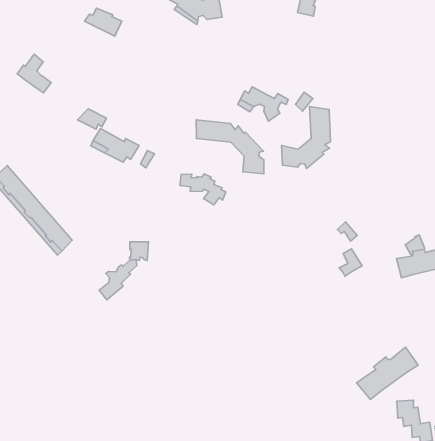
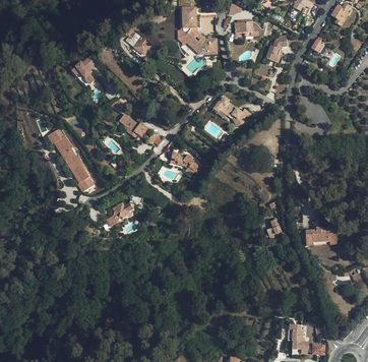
building: [282,107,331,168] -> none
building: [196,120,264,174] -> none
building: [356,347,418,400] -> none

